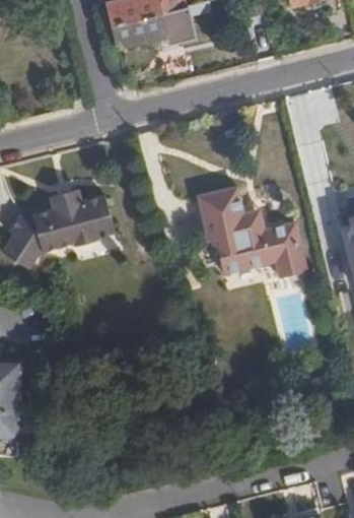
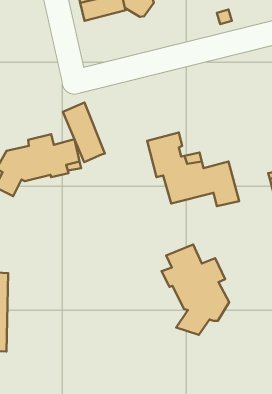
building: none -> [63,102,105,162]
building: none -> [161,244,229,335]

